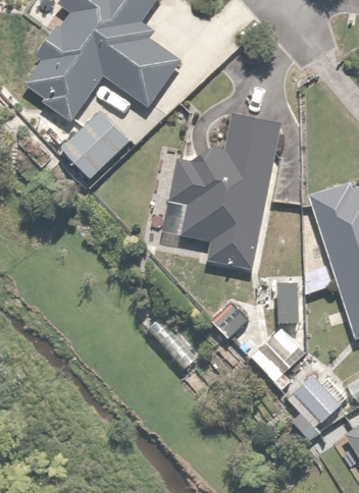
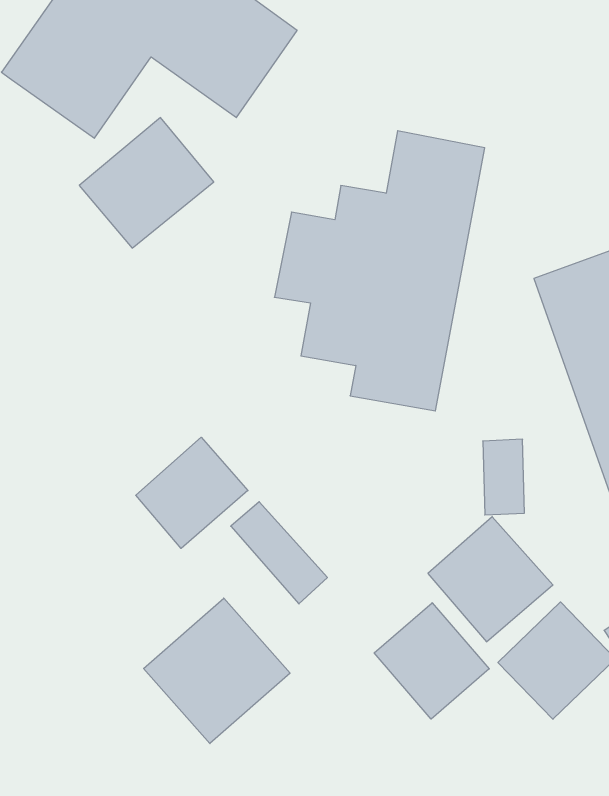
building: none -> [136,437,248,548]
building: none -> [144,598,290,744]
building: none -> [374,603,489,719]

